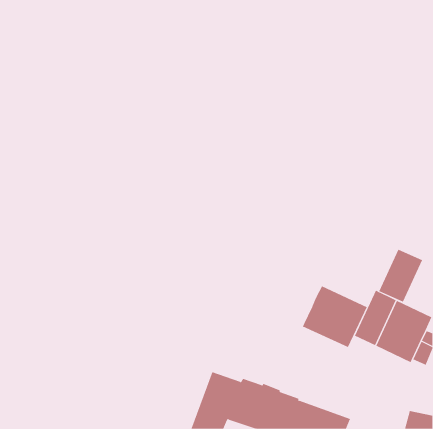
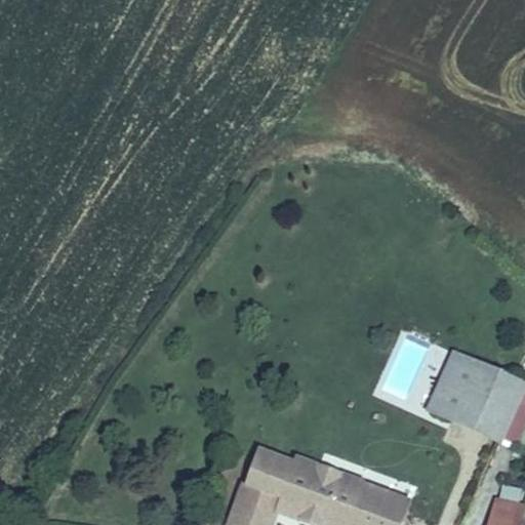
building: [378,249,423,303] -> none
building: [302,286,368,348] -> none

